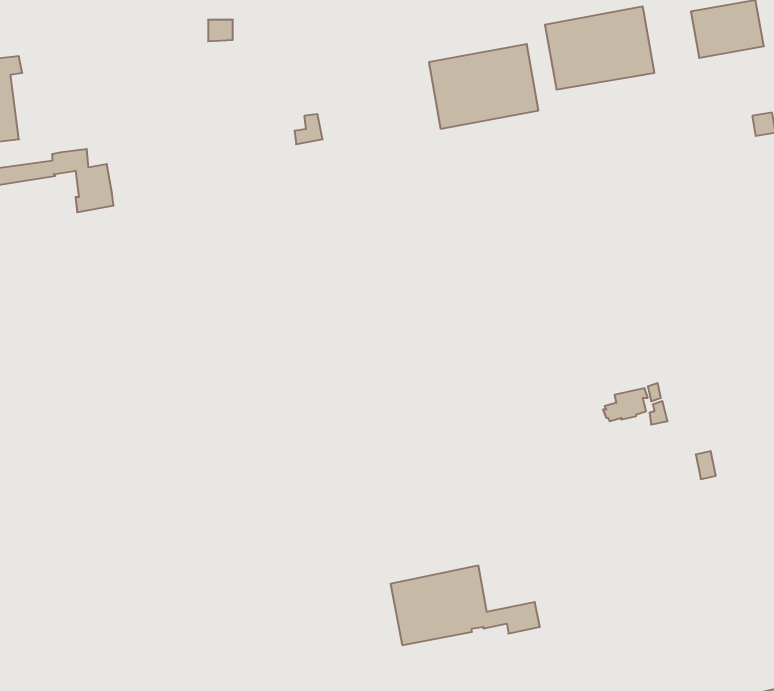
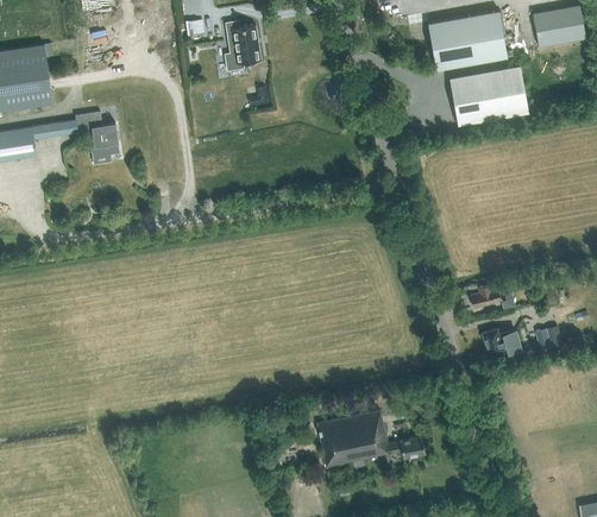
building: none -> [225,21,260,71]
building: [429,44,538,129] -> [450,64,528,125]
building: none -> [482,328,536,360]

